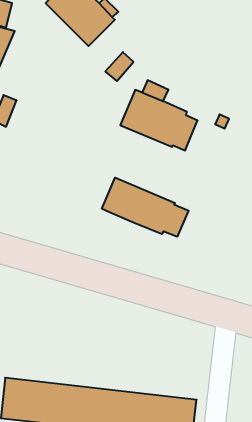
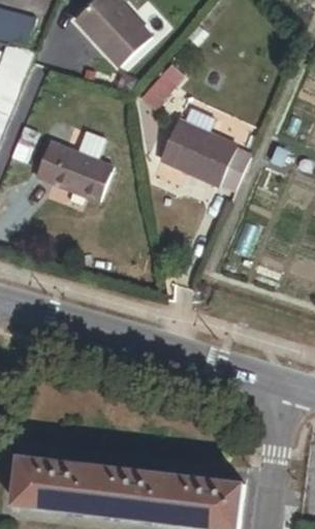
building: none -> [29,131,106,204]
building: [102,178,189,237] -> none

